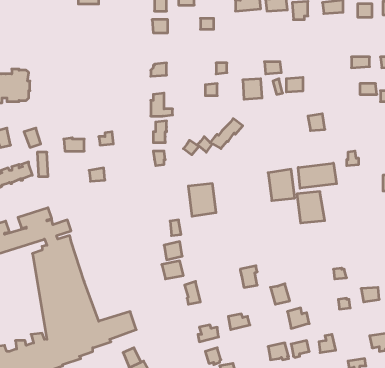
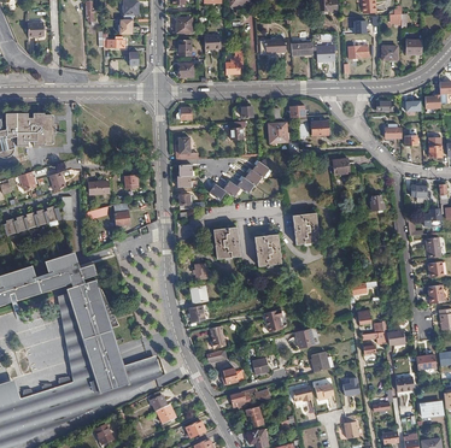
building: [298,163,337,188] -> none
building: [297,192,325,223] -> [254,234,282,265]

